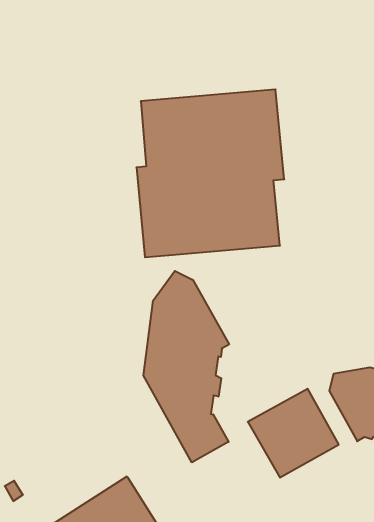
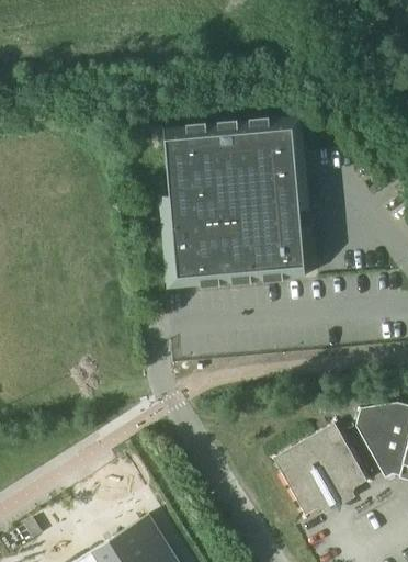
building: [143,271,229,462] -> none

